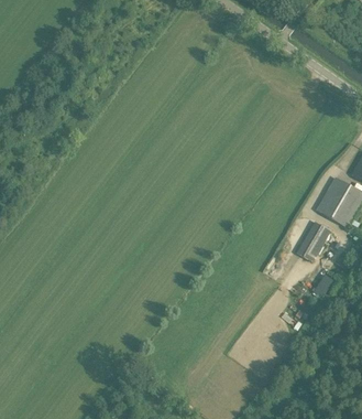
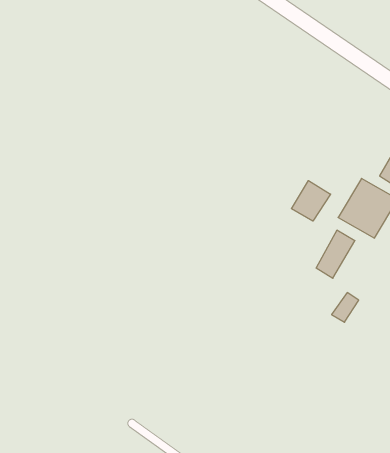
building: none -> [291,181,331,221]

